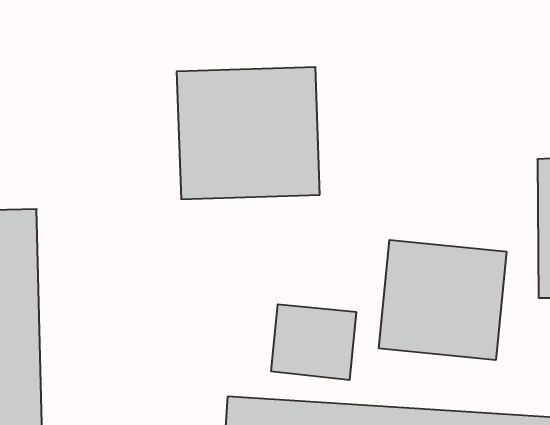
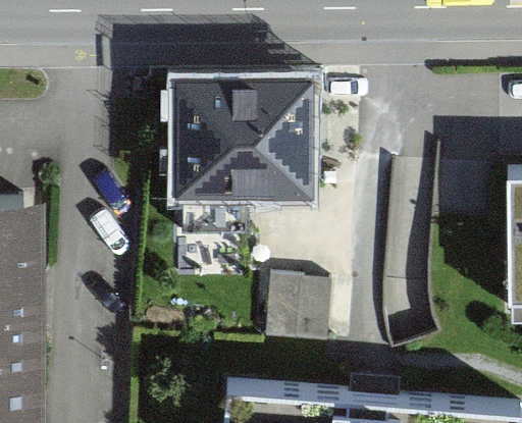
building: [379,240,506,360] -> none

